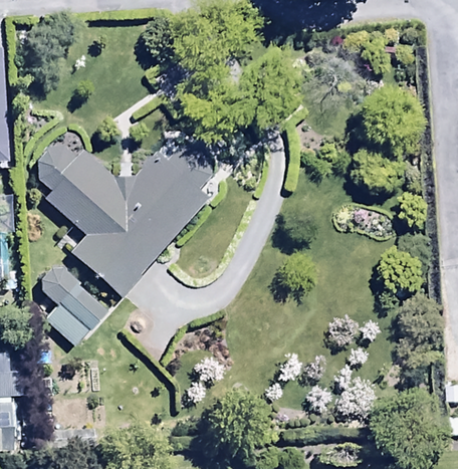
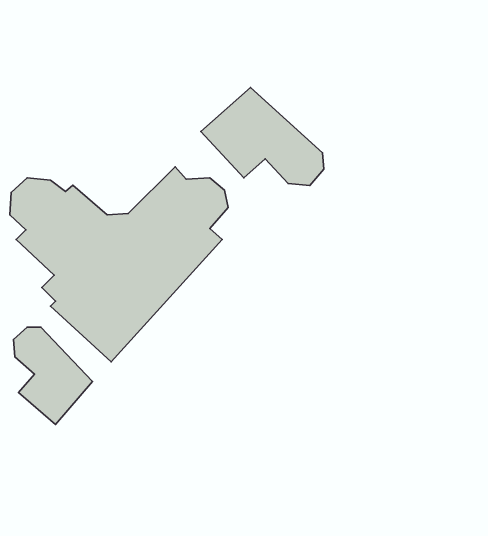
building: none -> [201,87,324,186]

